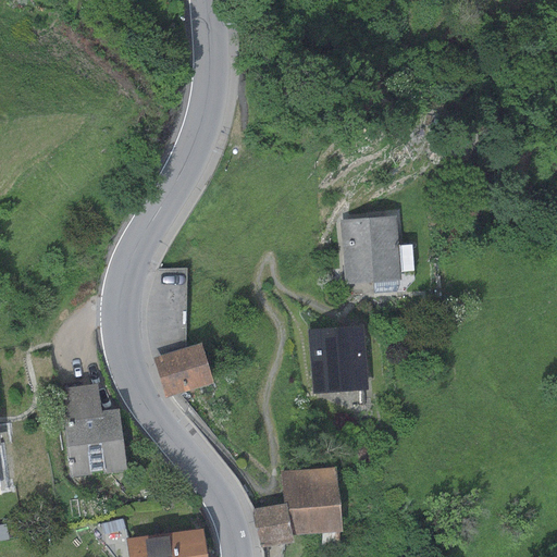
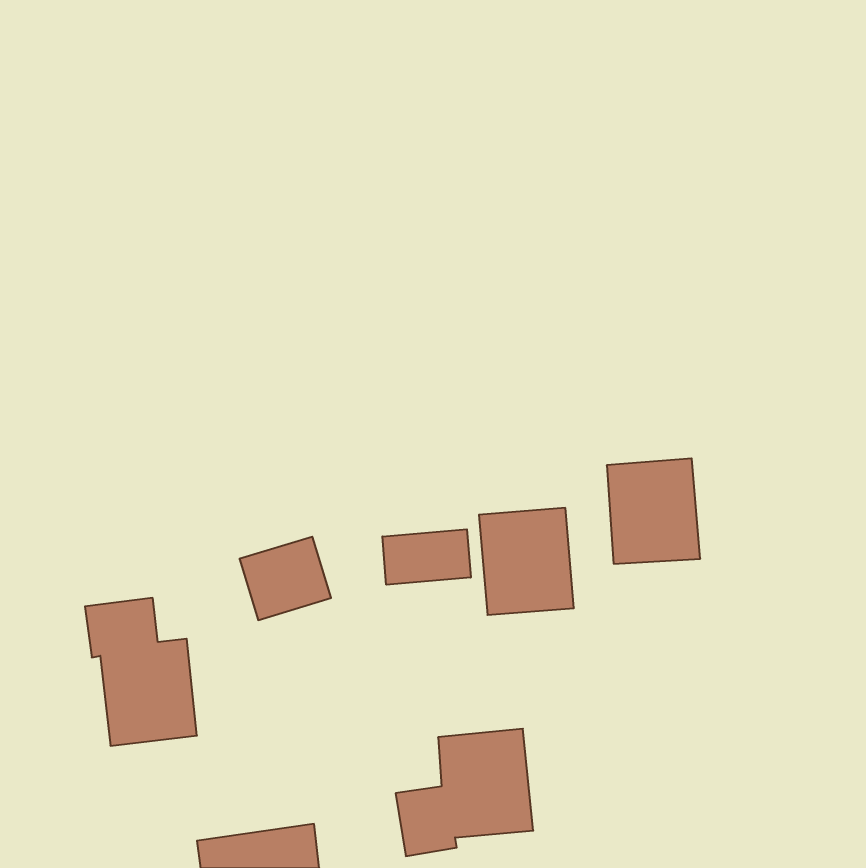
building: [342,216,401,284] -> [607,458,700,564]
building: none -> [382,529,471,585]

